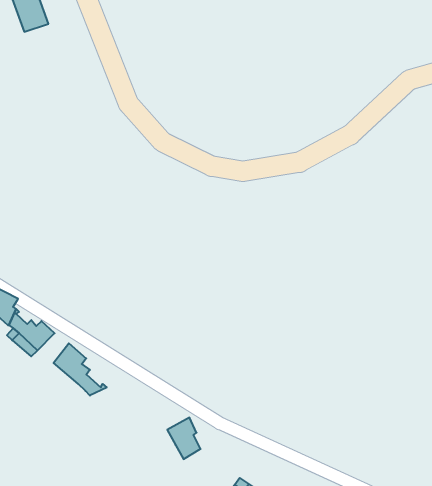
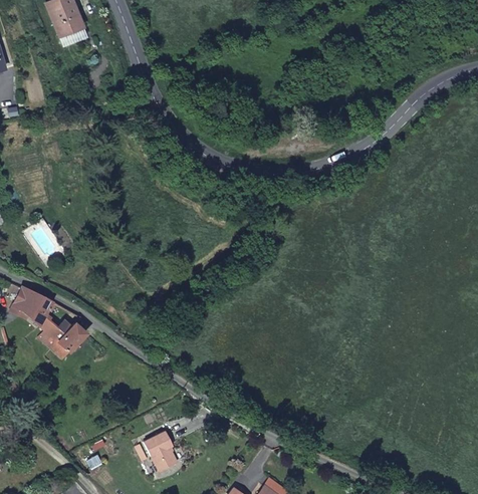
building: [54,343,107,396] -> none
building: [167,418,201,459] -> [145,433,178,474]

